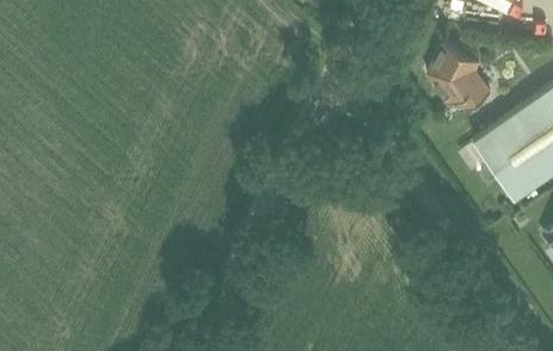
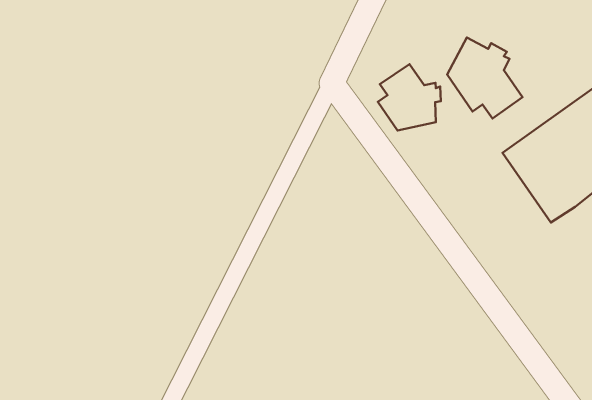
building: none -> [378,64,441,131]

